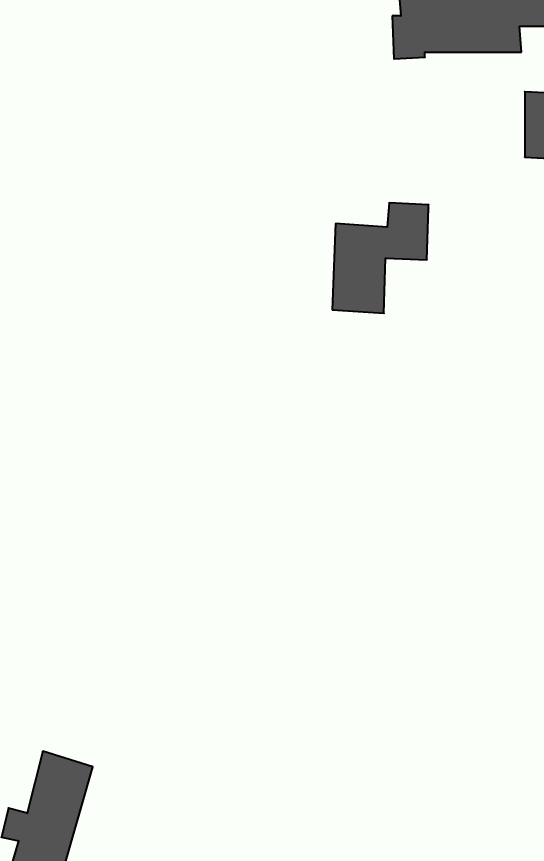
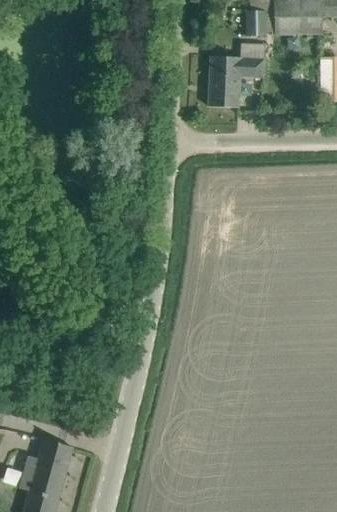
building: [332,203,429,313] -> [207,44,263,108]

